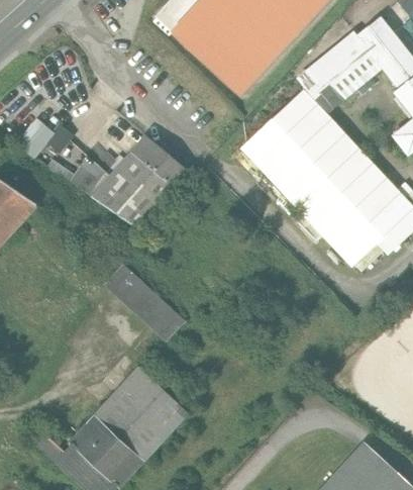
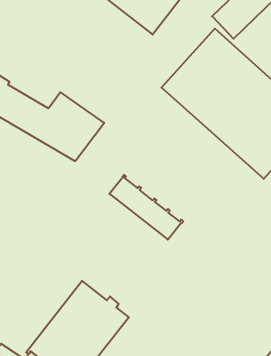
building: [131,135,192,190] -> none
building: [106,263,187,339] -> [109,175,183,240]

